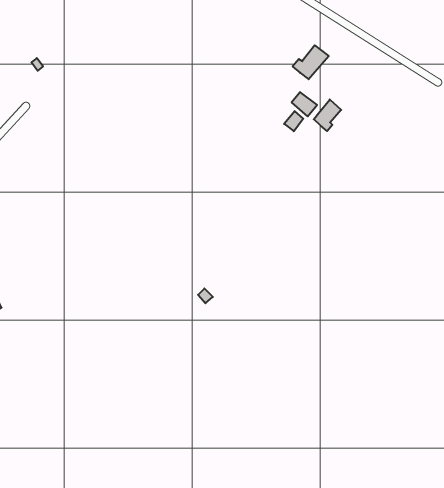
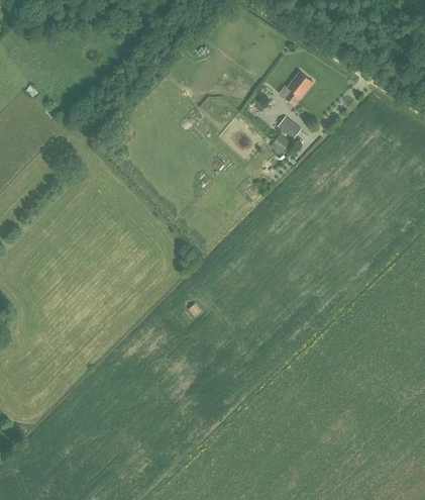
building: [314,99,341,131] -> none

